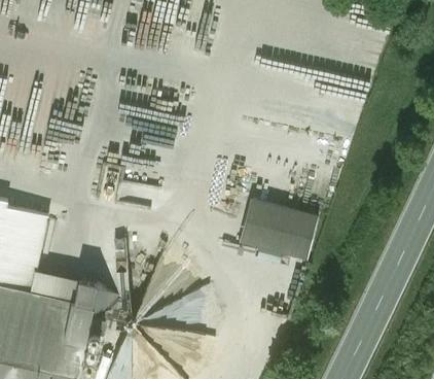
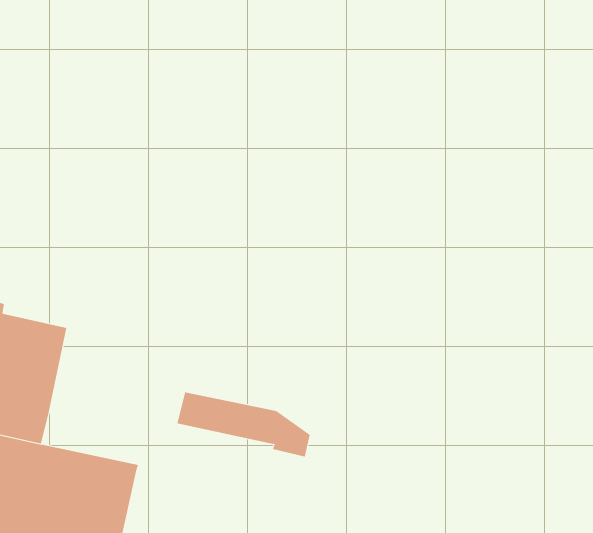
building: [242,201,318,259] -> none
building: [32,270,118,312] -> [176,392,310,457]

